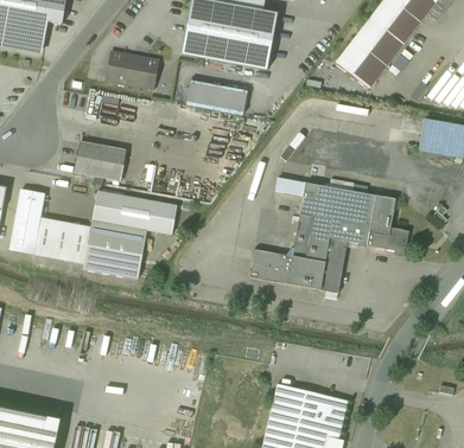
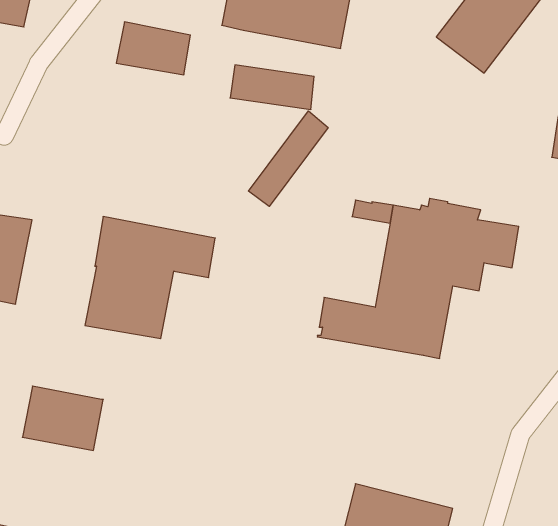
building: none -> [248,111,328,206]
building: [74,141,126,180] -> none
building: [33,217,91,263] -> [22,386,103,450]
building: [367,224,409,256] -> none

